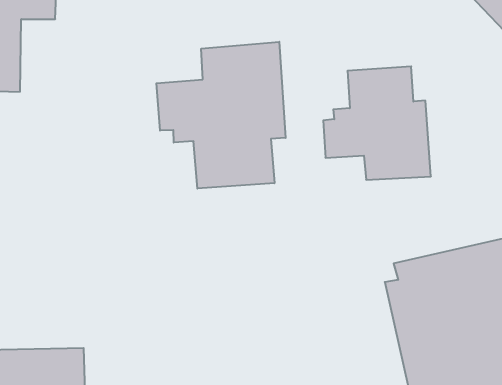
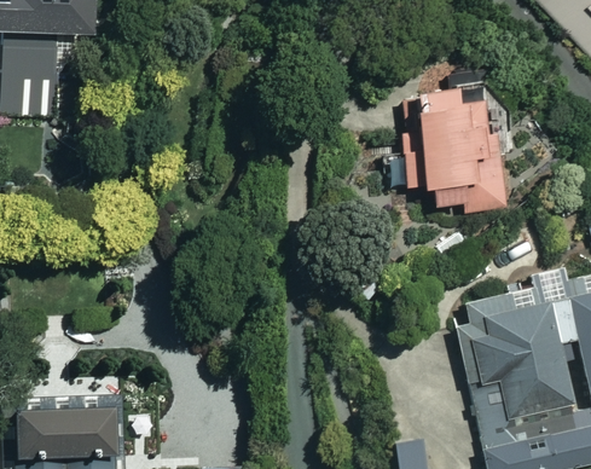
building: [156,42,286,189] -> none

